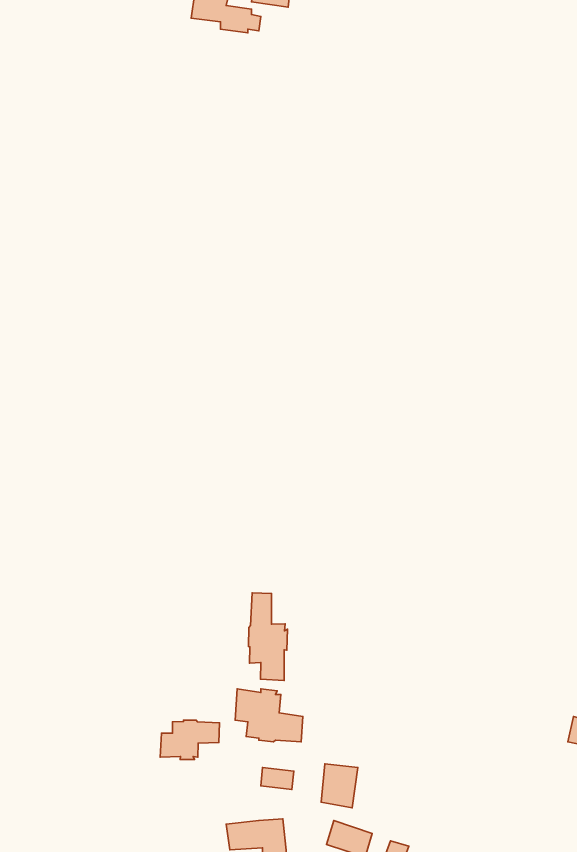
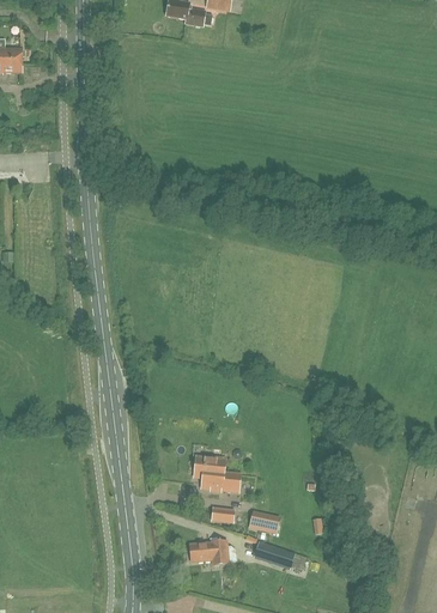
building: [248,593,288,681] -> none
building: [160,720,220,760] -> none

